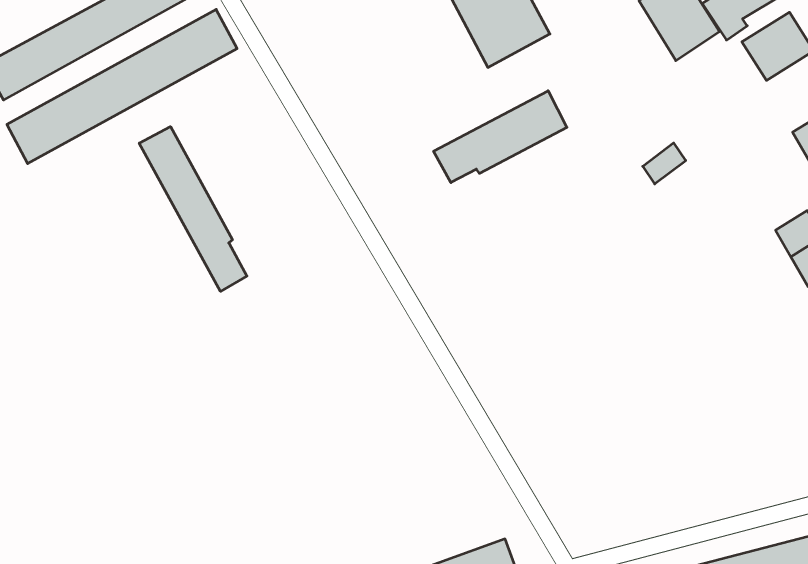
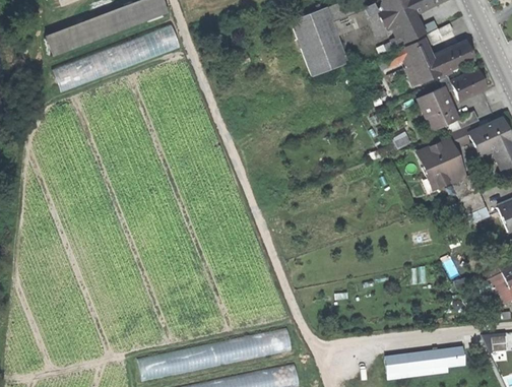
building: none -> [414,85,459,132]
building: [434,91,567,183] -> none
building: [139,127,247,291] -> none
building: none -> [418,139,463,186]

